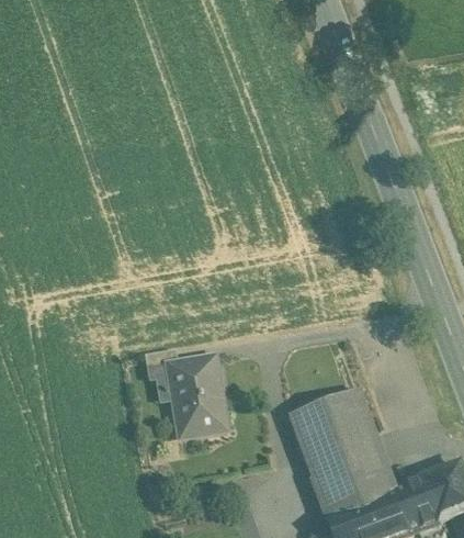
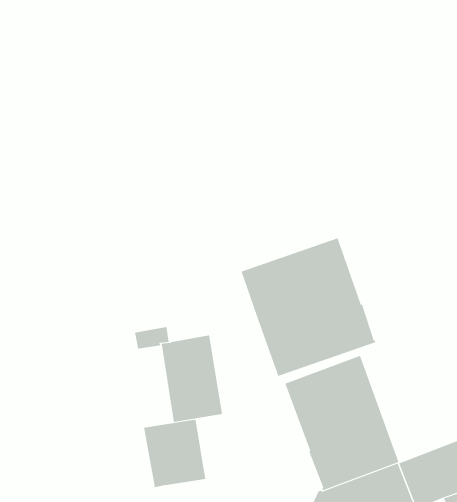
building: none -> [241,237,377,377]
building: none -> [144,419,206,488]

